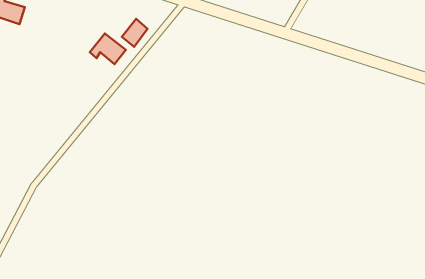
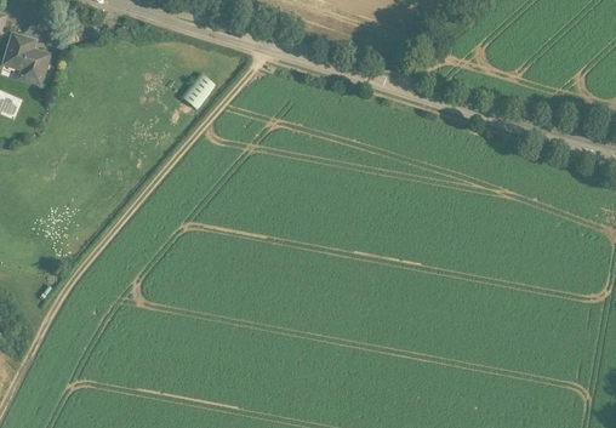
building: [90,33,126,64] -> none

